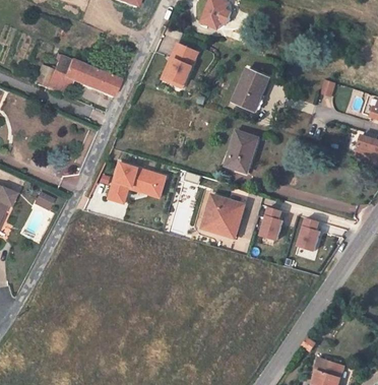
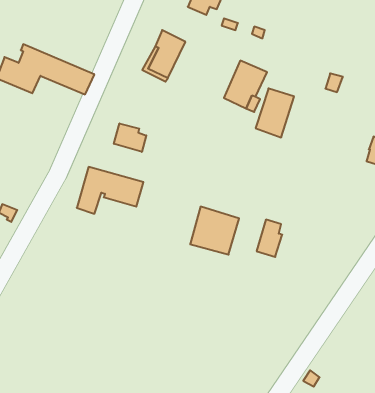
building: none -> [114,123,146,152]
building: [225,130,258,173] -> [256,88,294,137]
building: [298,217,320,250] -> none

